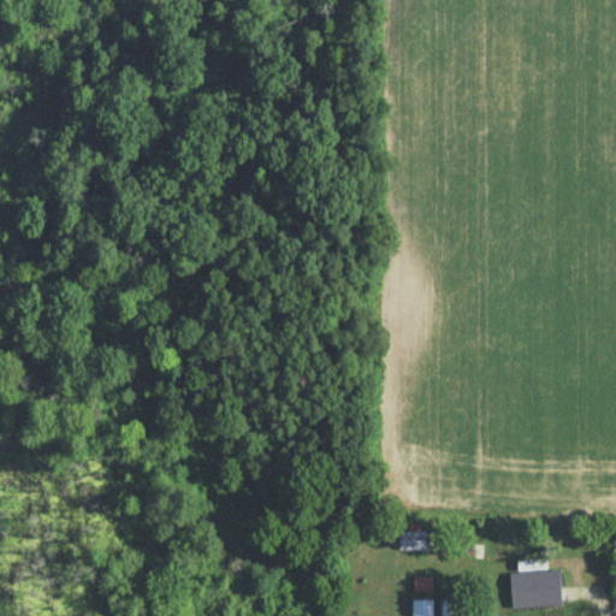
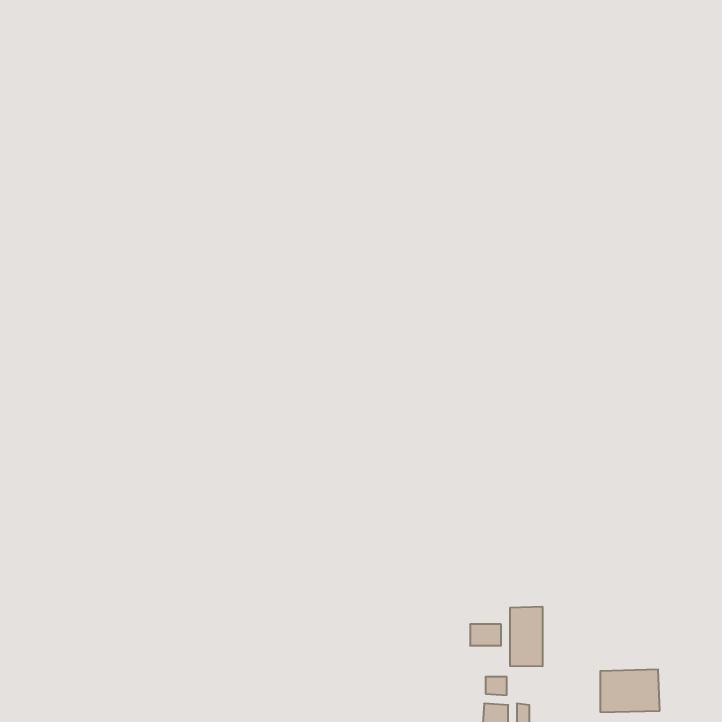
building: none -> [510,607,542,666]

